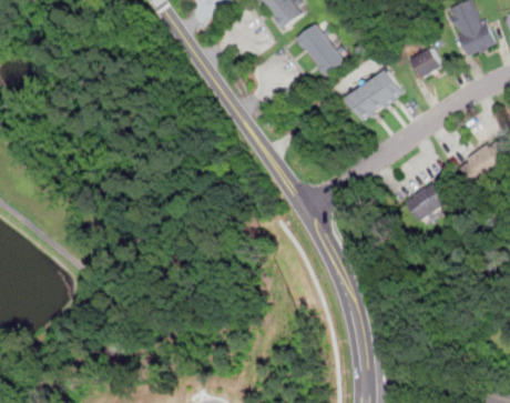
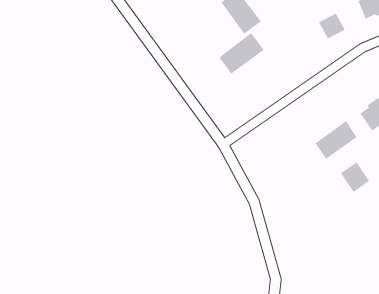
building: [347,70,401,120] -> [218,32,265,74]
building: none -> [340,161,370,193]

